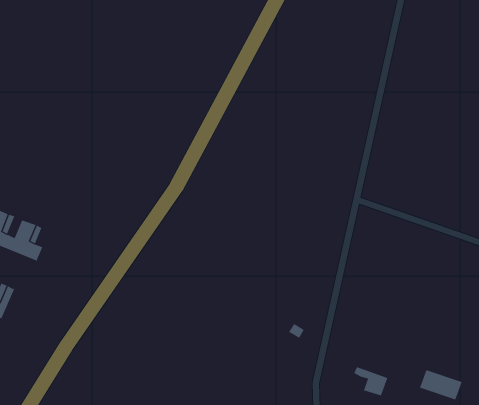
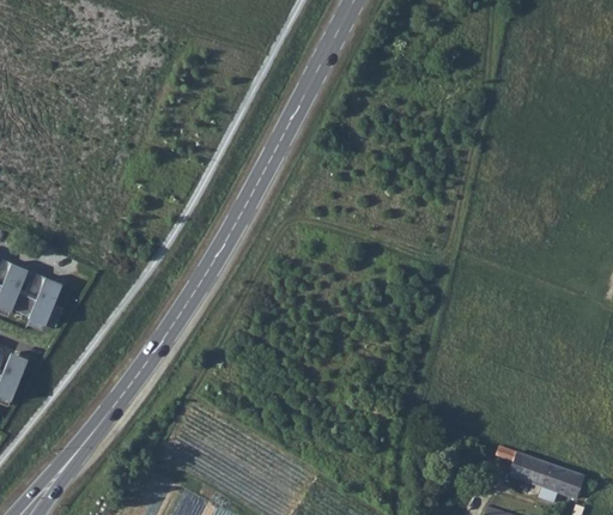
building: [354,366,388,396] -> [496,447,539,484]

